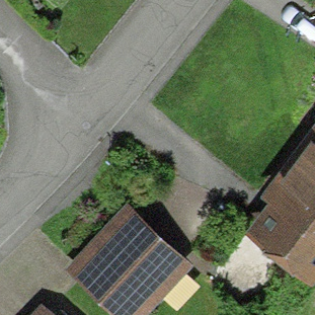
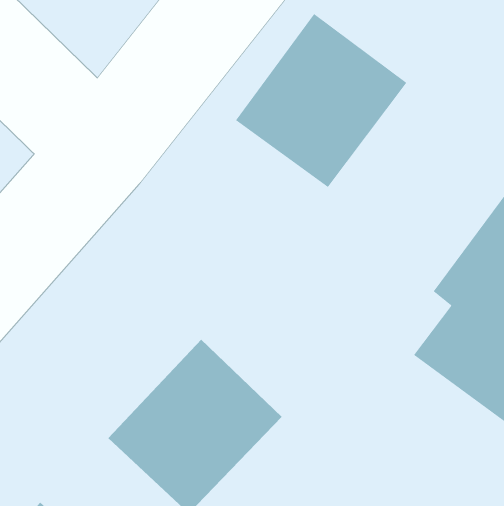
building: none -> [235,13,407,188]

